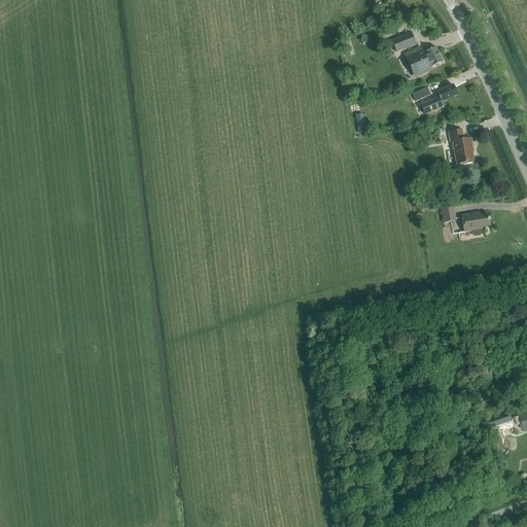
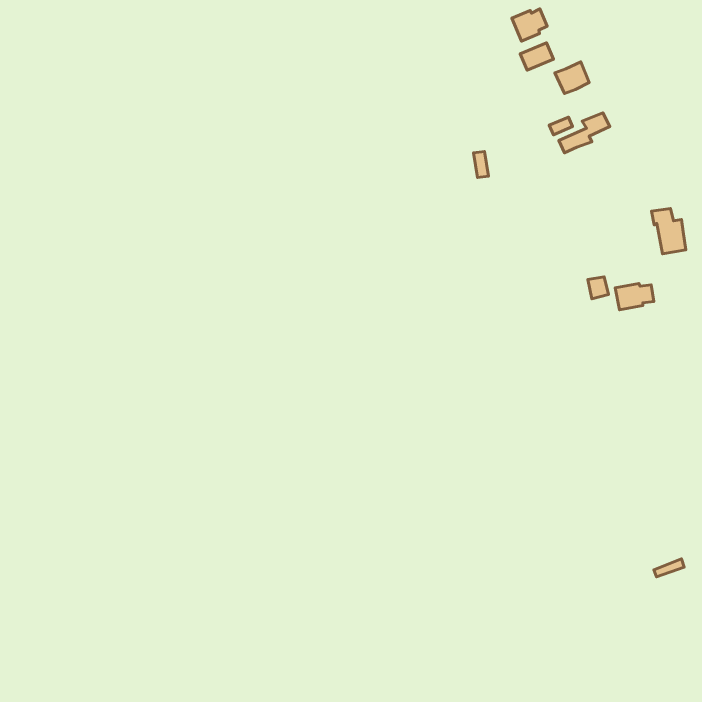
building: none -> [512,9,547,41]
building: [447,130,472,164] -> [651,208,686,254]

